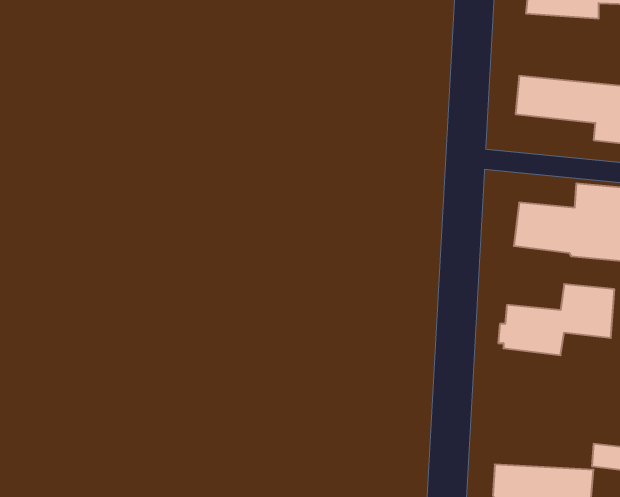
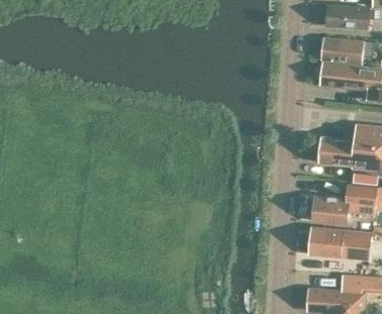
building: none -> [321,37,372,65]
building: none -> [308,227,369,260]

